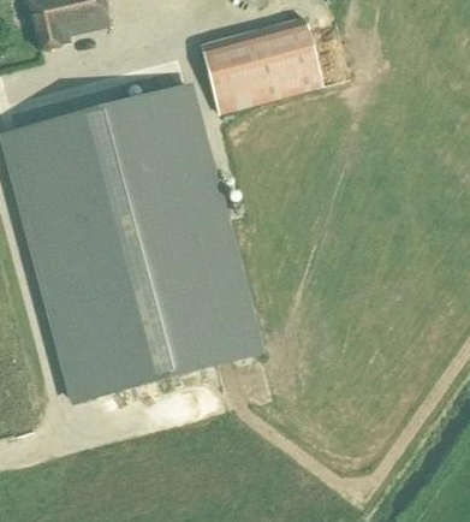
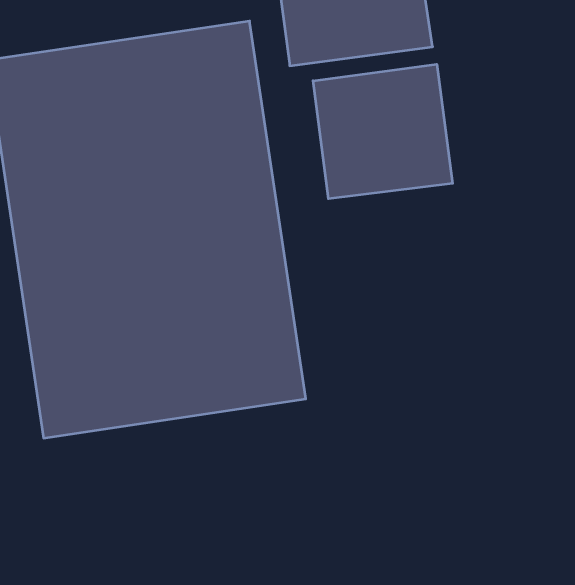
building: none -> [313,64,453,199]

